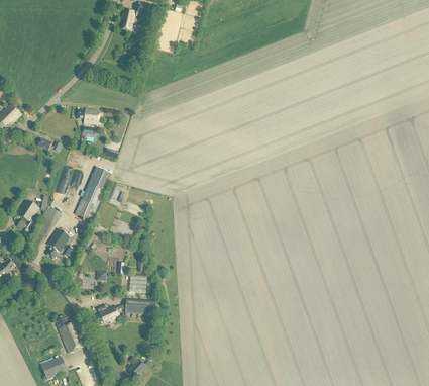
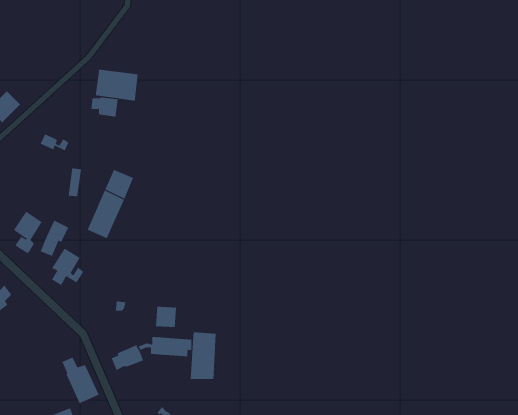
building: none -> [95,69,138,102]
building: none -> [190,332,216,380]

